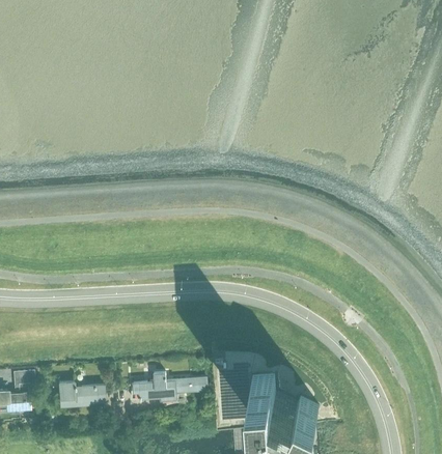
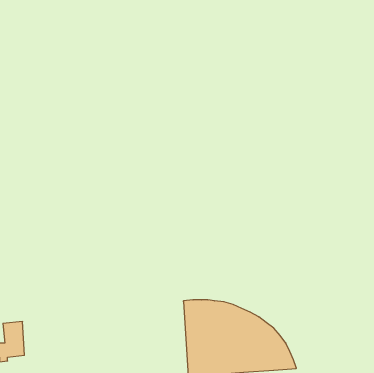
building: [132,373,208,405] -> none
building: [59,382,106,405] -> none

